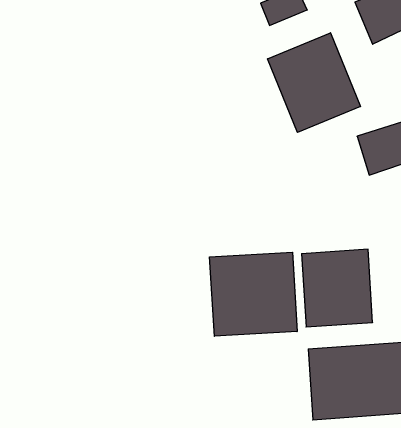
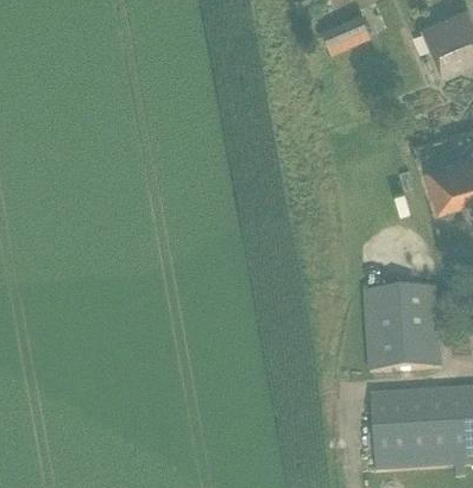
building: [268,33,360,132] -> none
building: [210,252,297,336] -> none

